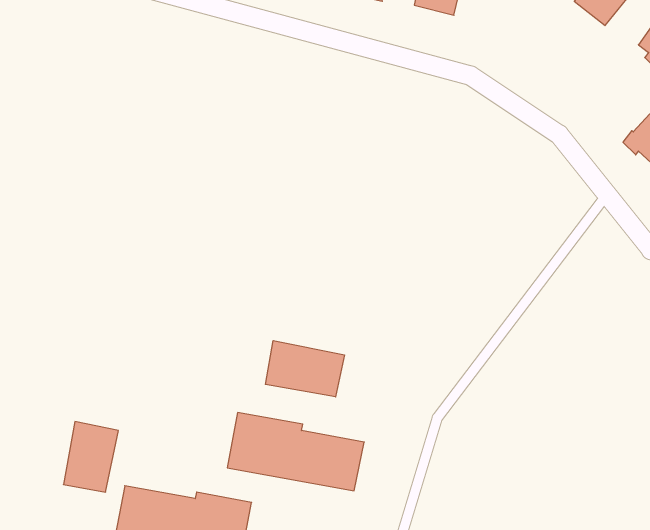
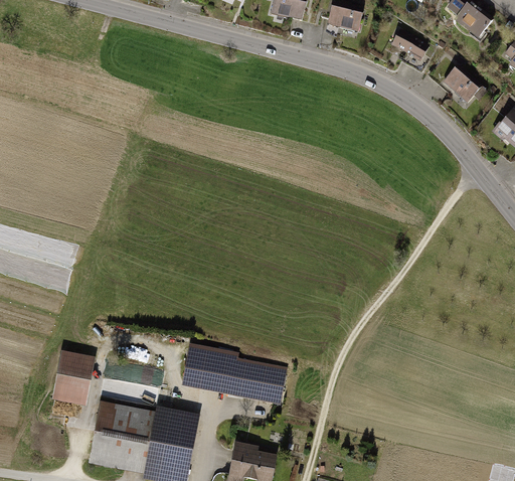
building: none -> [390,28,430,61]
building: none -> [442,64,482,103]
building: [265,341,344,397] -> none

